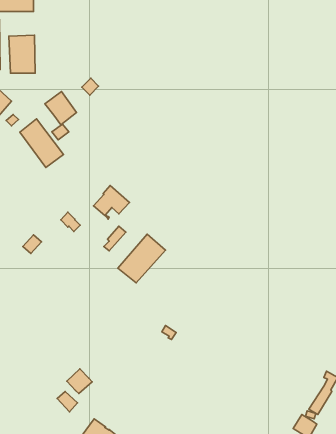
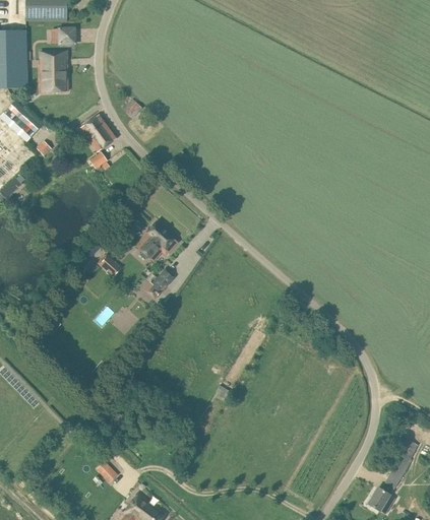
building: none -> [50,25,75,45]
building: [20,119,64,168] -> none
building: [118,234,165,283] -> none
building: [67,369,92,393] -> none

